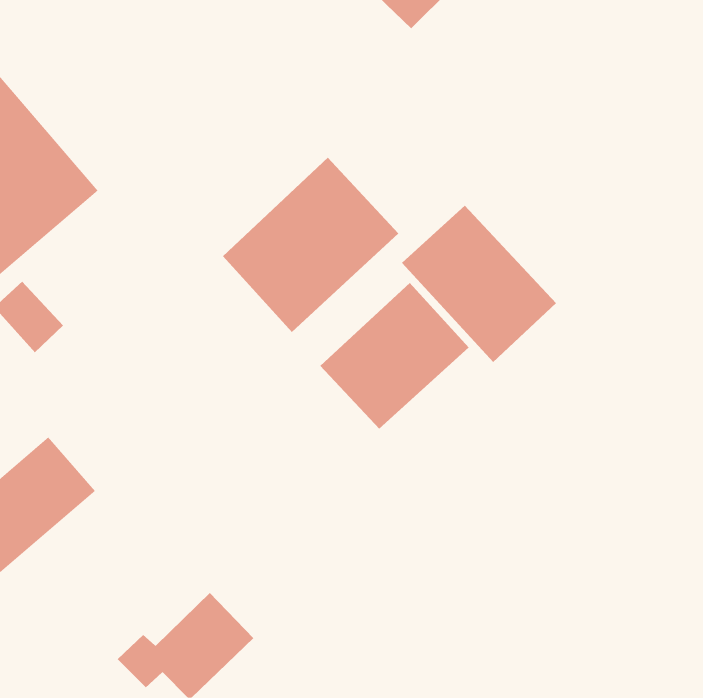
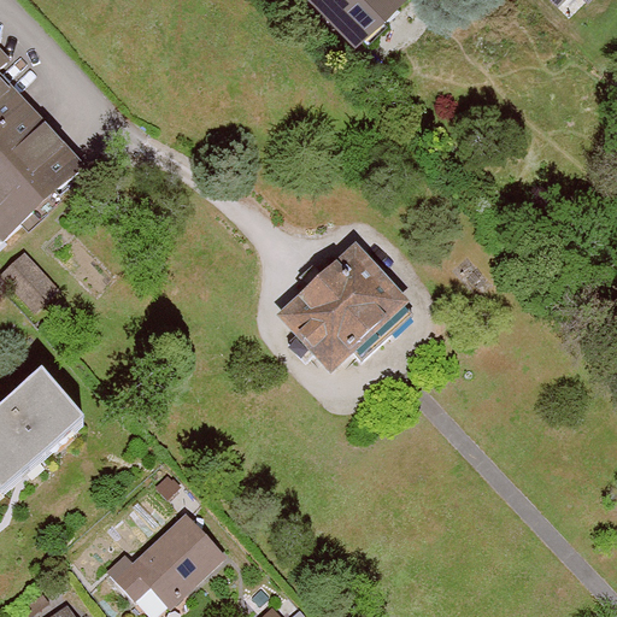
building: [222,157,399,333] -> none
building: [401,205,557,363] -> none

